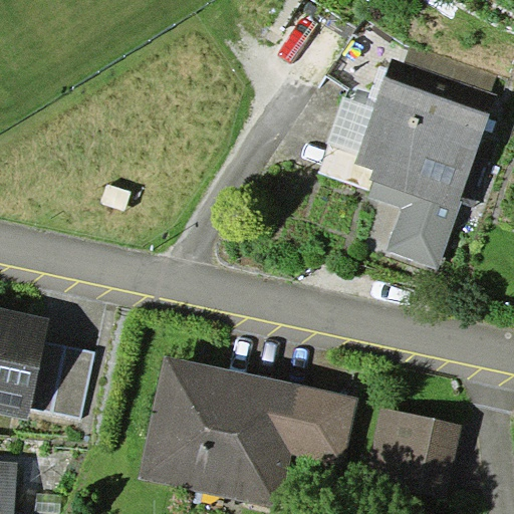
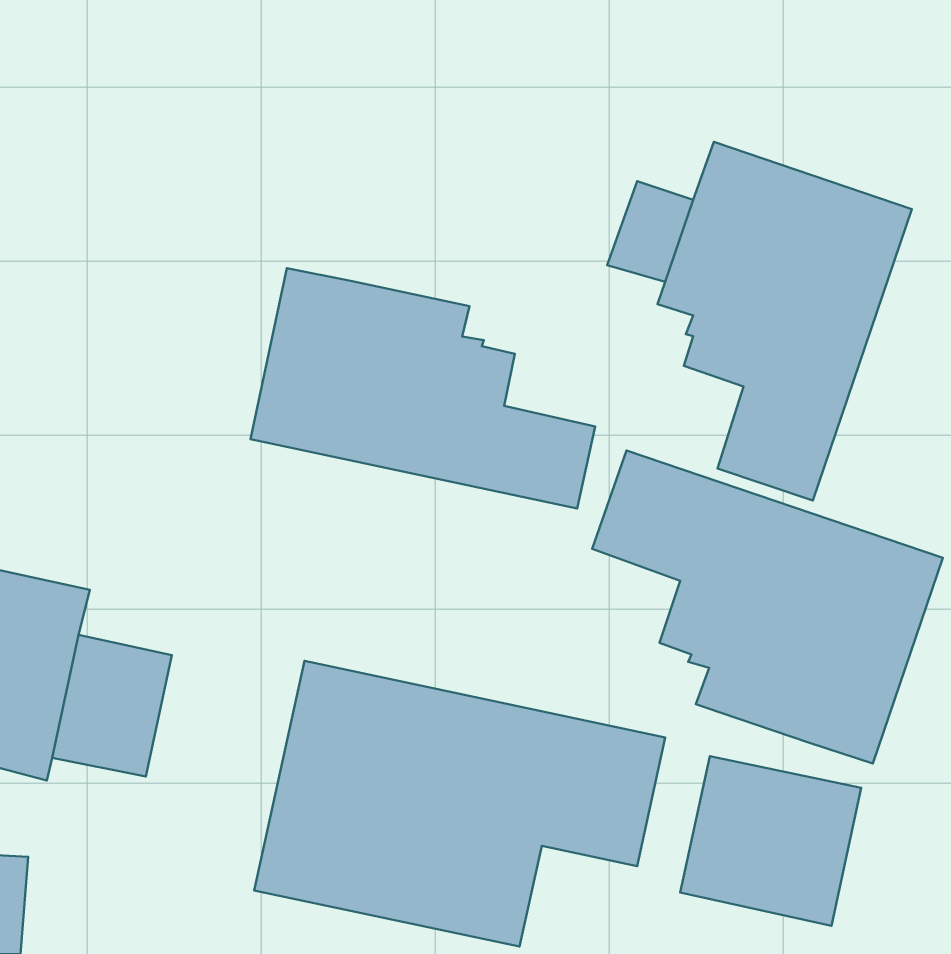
building: none -> [251,268,595,509]
building: none -> [592,451,943,763]

